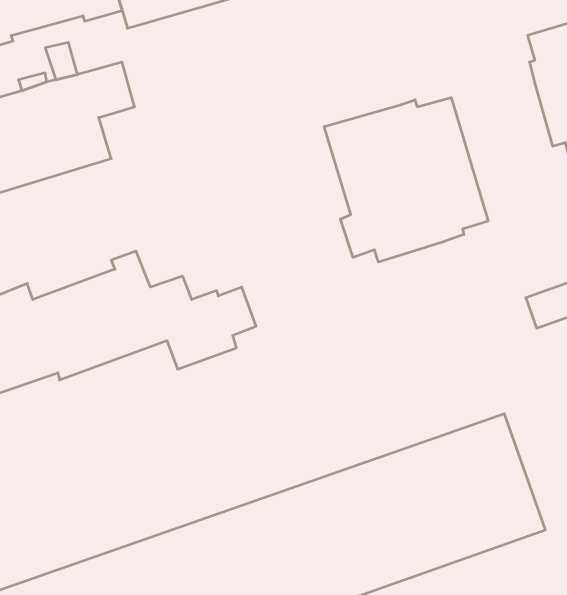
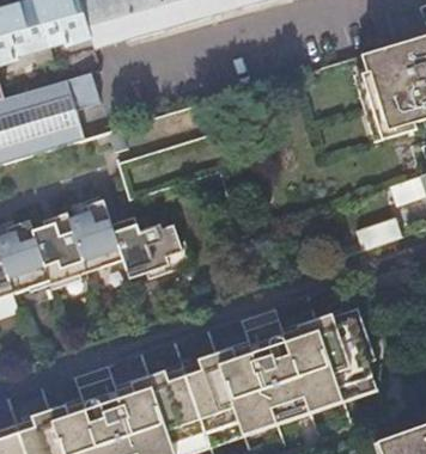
building: [324,98,488,262] -> none

